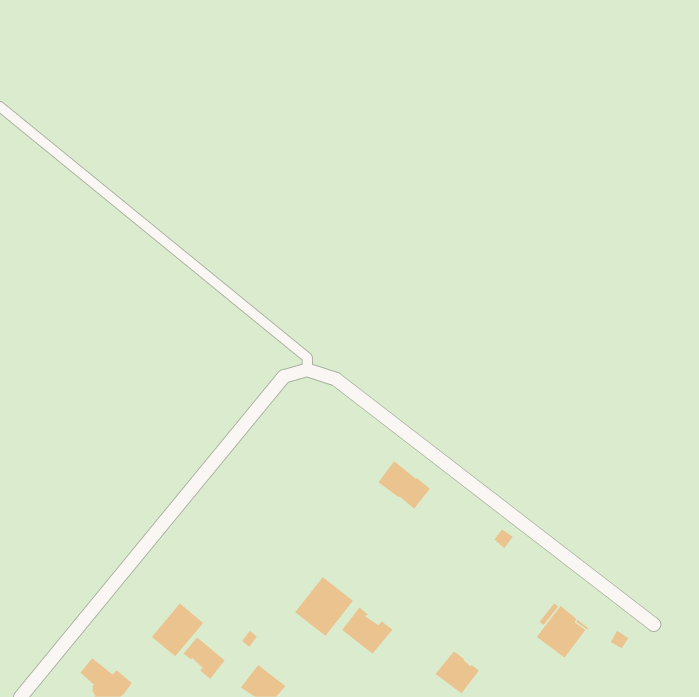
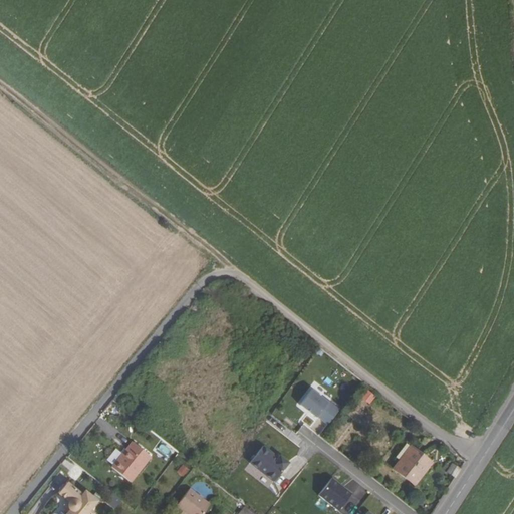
building: [377,460,431,510] -> [301,388,340,424]
building: [294,576,354,637] -> none
building: [182,637,226,680] -> none

